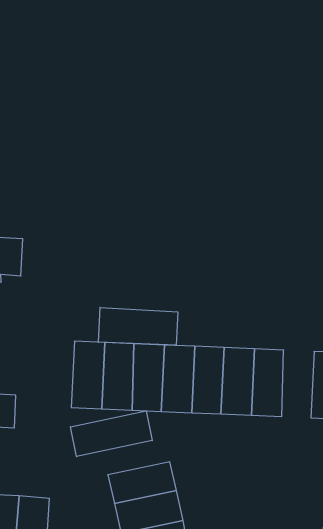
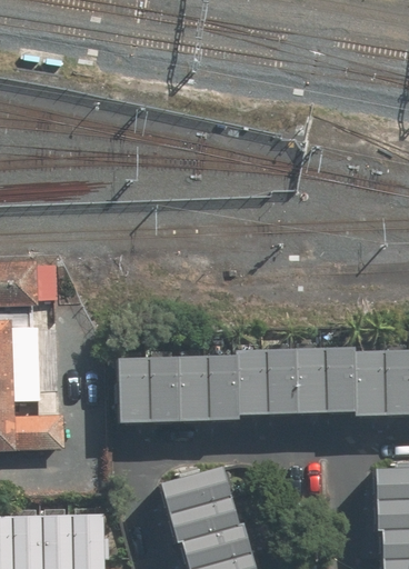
building: [99,307,178,345] -> none
building: none -> [323,349,356,416]
building: [70,411,152,457] -> none

